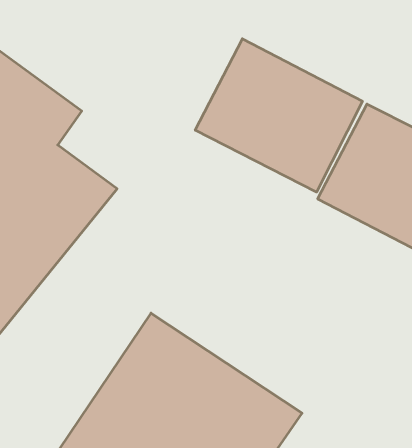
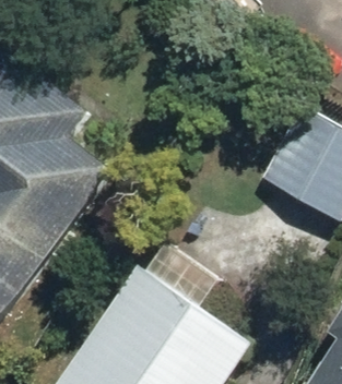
building: [195,39,362,192] -> none

